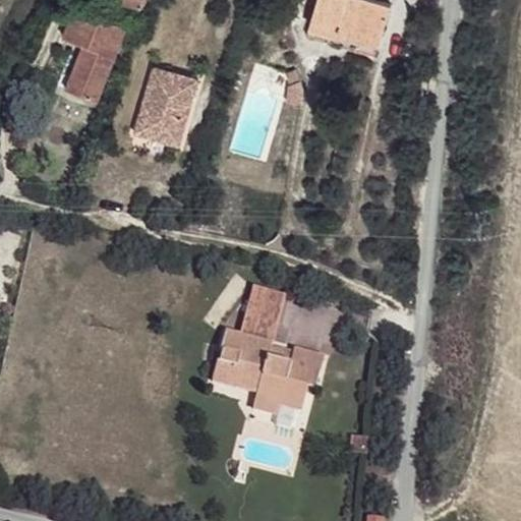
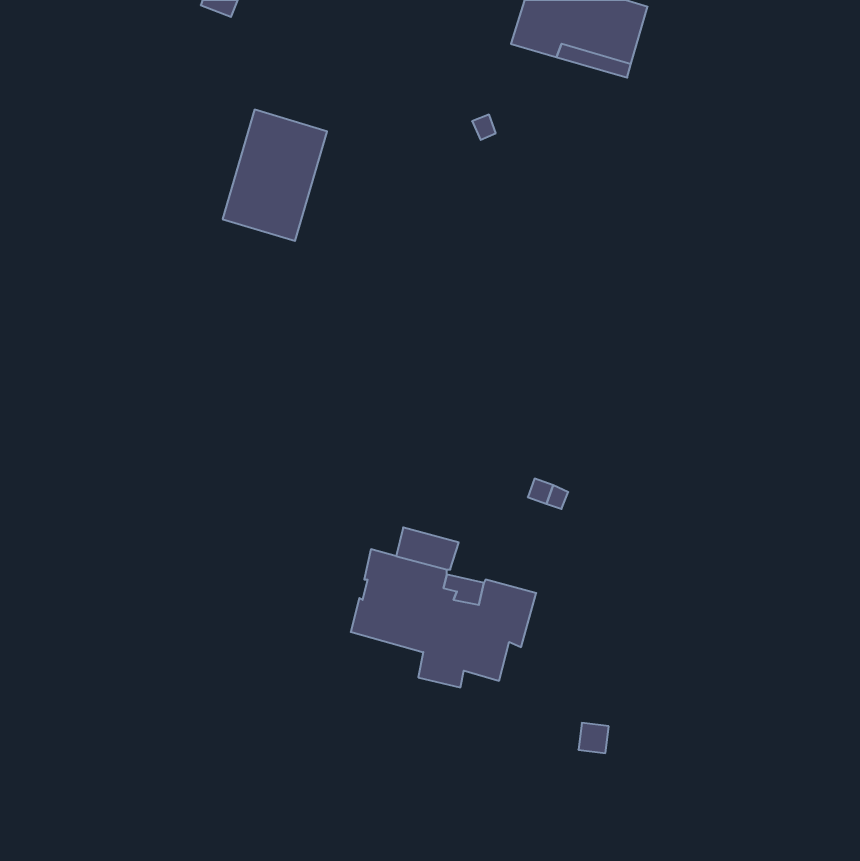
building: [63,7,125,102] -> none
building: [243,287,285,328] -> none

